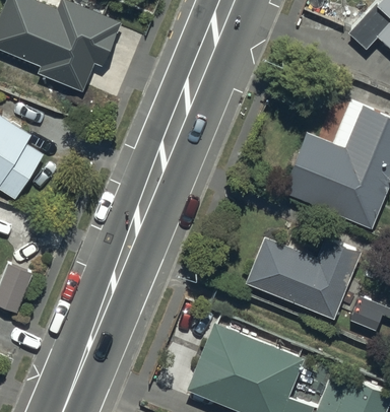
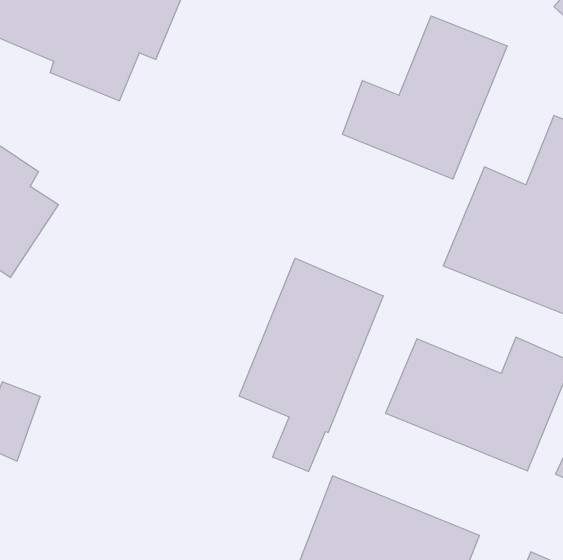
building: none -> [342,16,507,179]
building: none -> [239,258,383,472]

